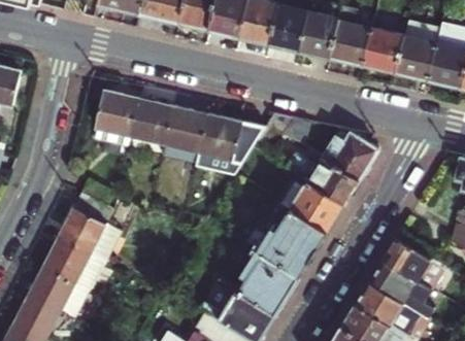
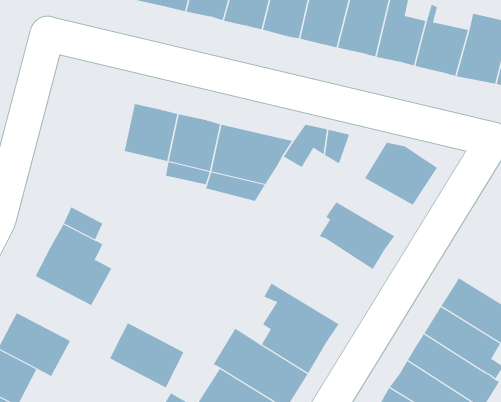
building: [95,89,138,145] -> none
building: [276,151,361,203] -> none
building: [247,205,329,273] -> none
building: [44,235,104,287] -> [109,322,184,388]

